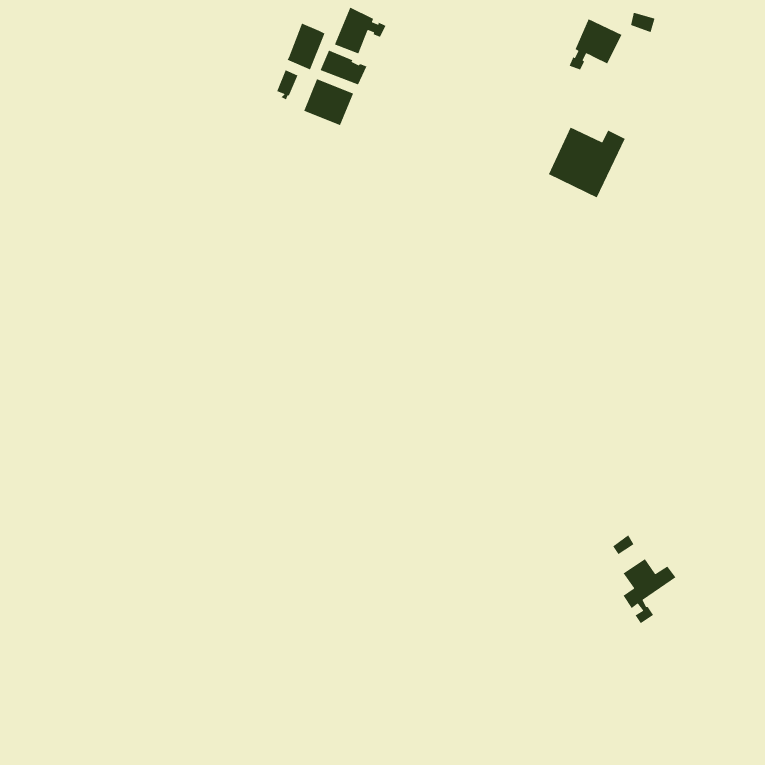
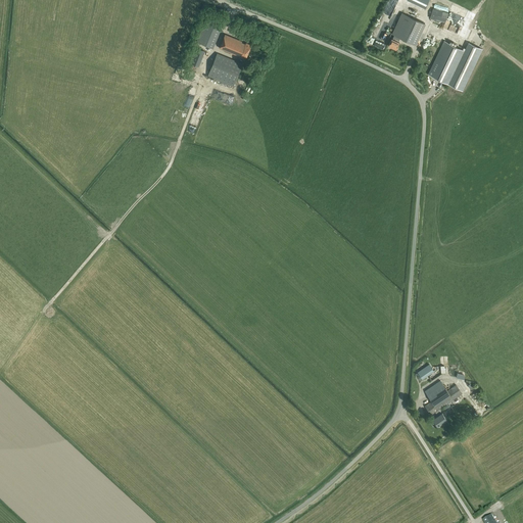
building: [334,7,387,54] -> none
building: [548,127,626,199] -> [428,42,481,91]

